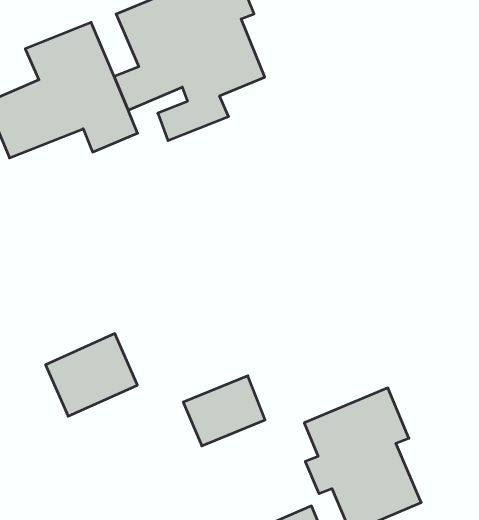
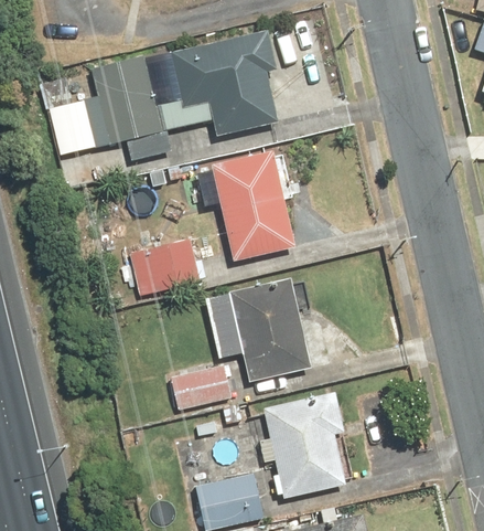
building: none -> [209,150,297,261]
building: none -> [205,277,311,383]
building: [46,334,137,416] -> [130,237,201,297]

